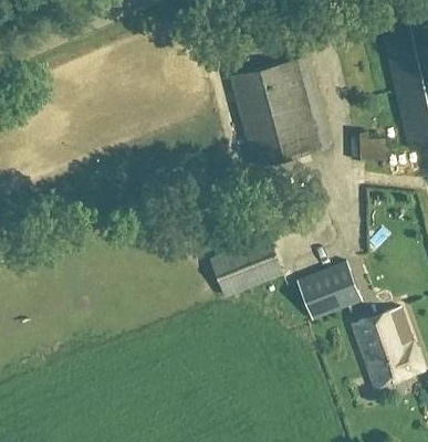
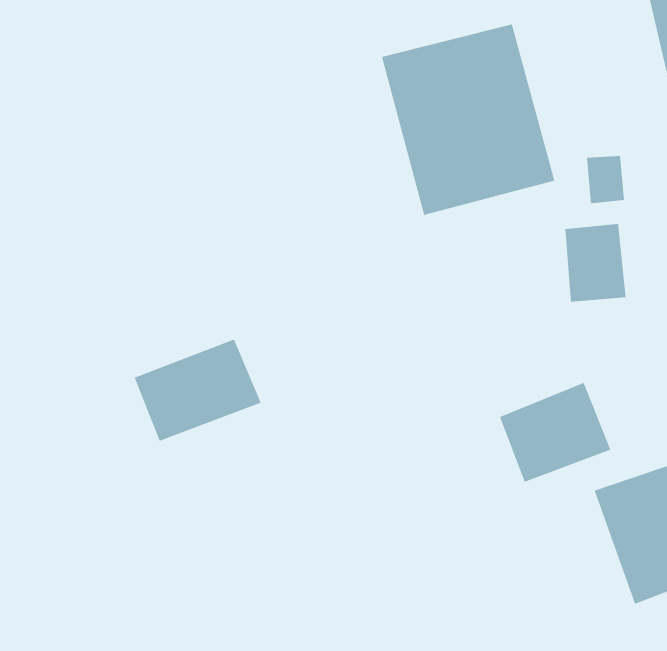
building: none -> [565,223,626,302]
building: [209,238,282,296] -> [134,339,262,441]

